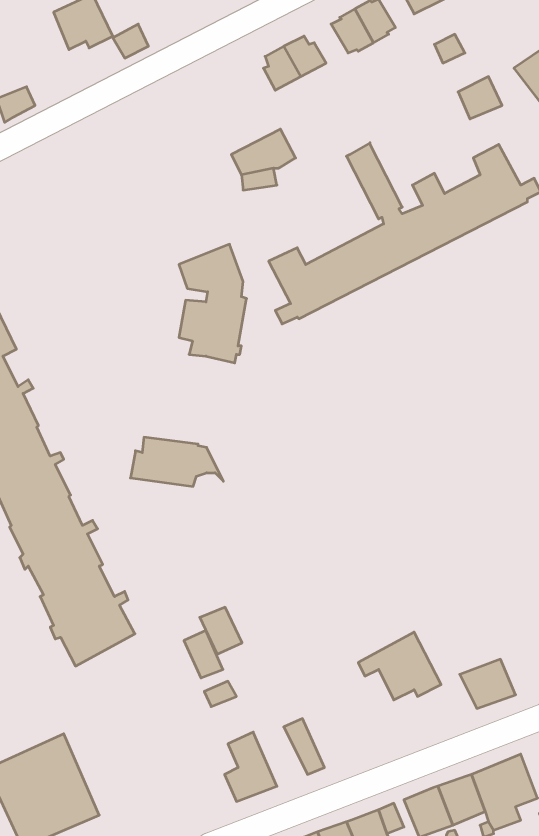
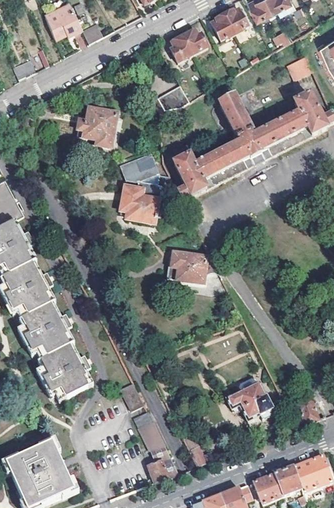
building: none -> [75,107,115,146]
building: [130,437,223,486] -> [165,252,220,281]
building: [200,607,242,655] -> [138,419,163,447]

